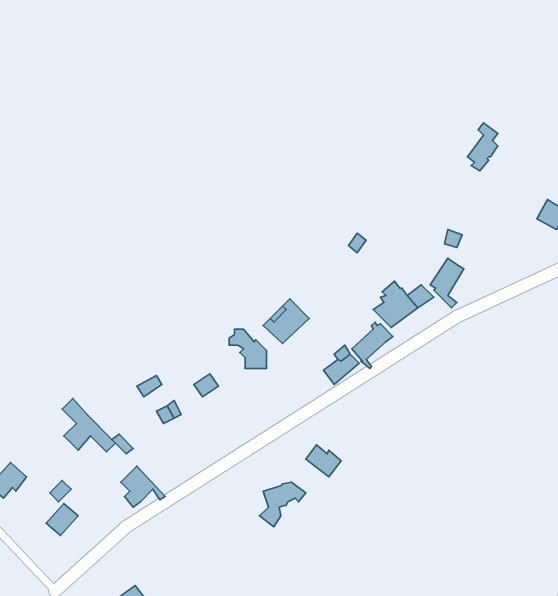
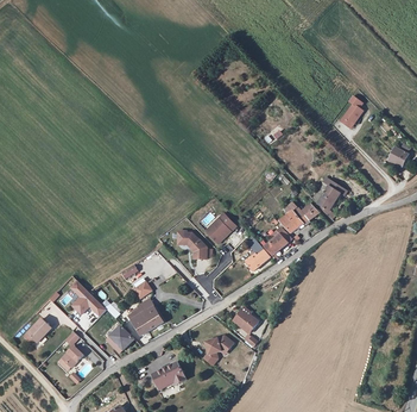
building: none -> [127,298,162,335]
building: none -> [151,358,187,391]

